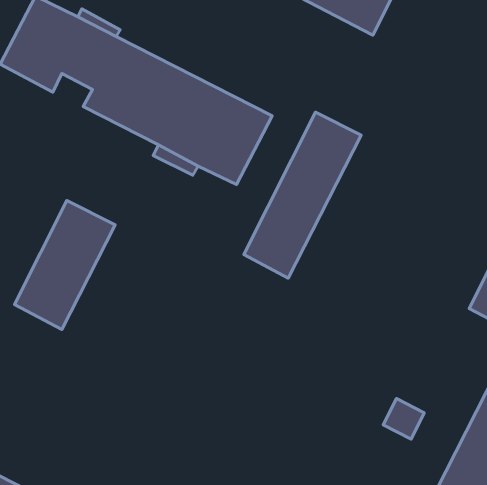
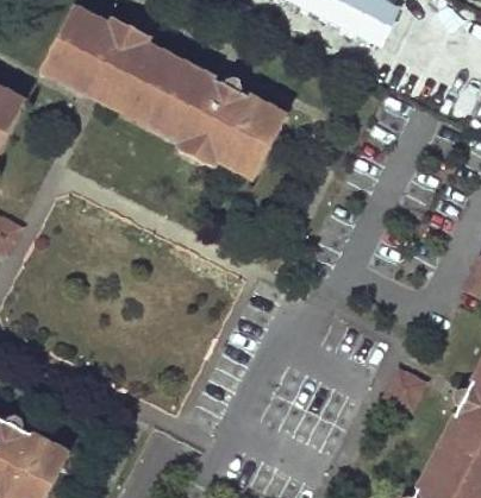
building: [244,112,361,278] -> none
building: [15,201,115,329] -> none

